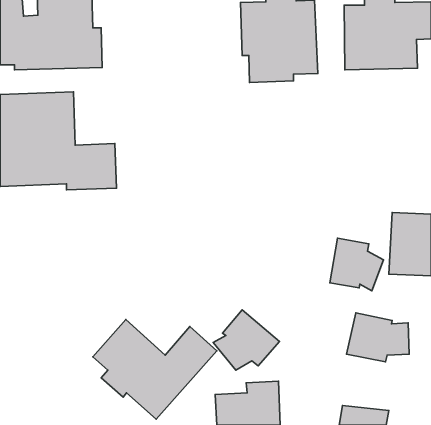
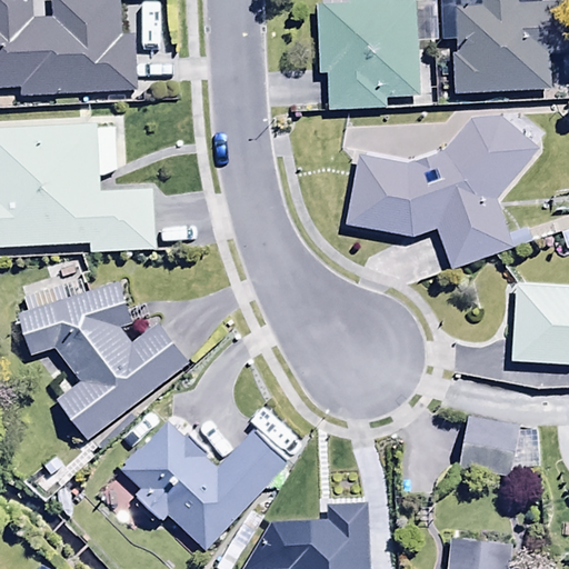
building: none -> [347,116,539,268]
building: none -> [19,256,189,438]
building: [330,238,383,291] -> none
building: [213,310,279,370] -> none

